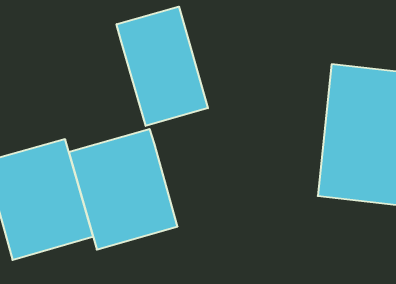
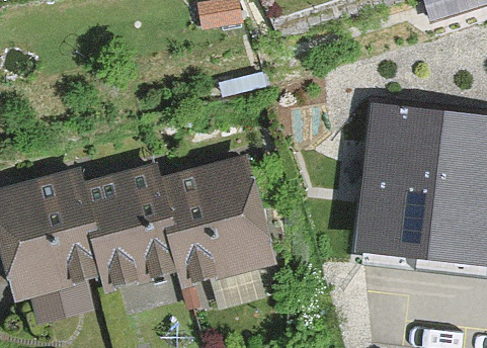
building: [117,7,208,126] -> none
building: none -> [176,162,294,293]

